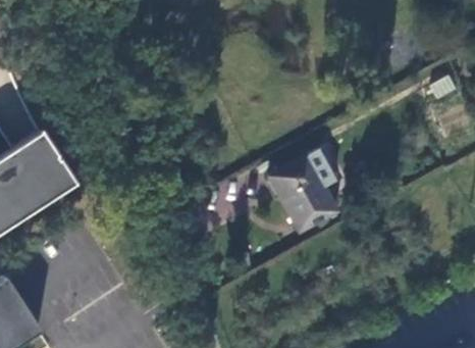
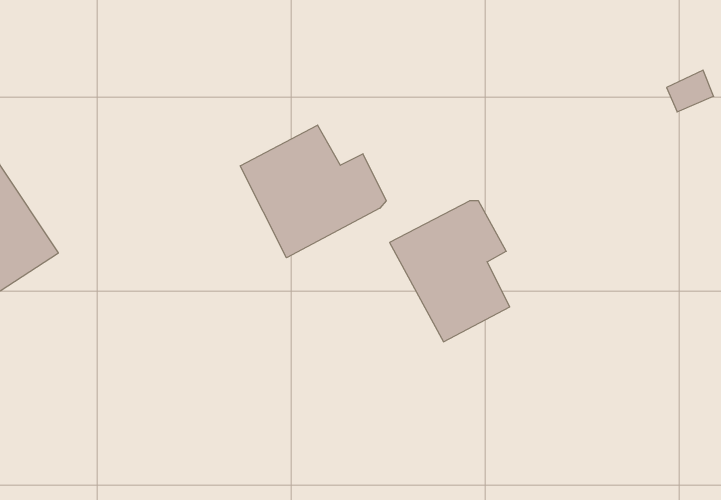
building: none -> [240,125,386,258]

